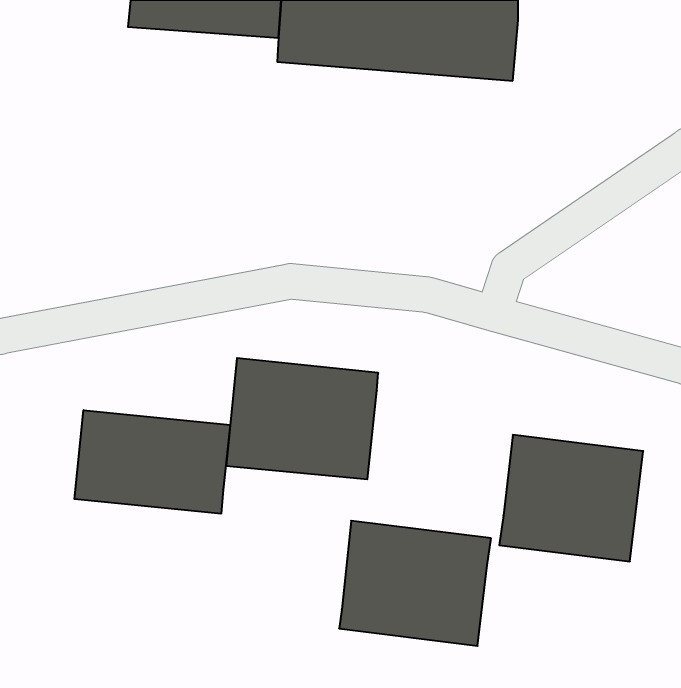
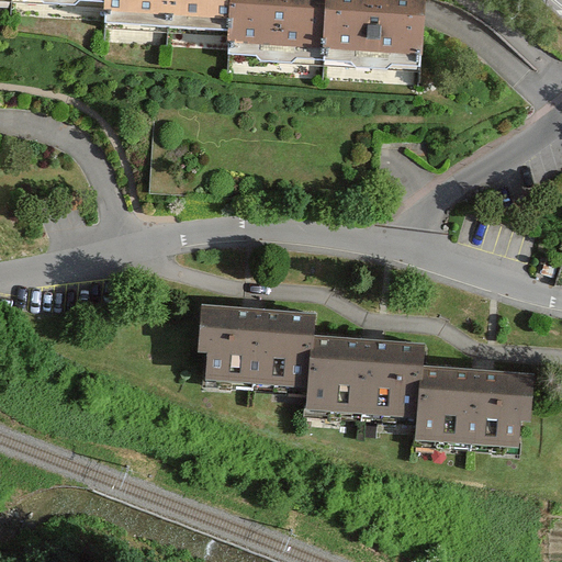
building: [74,410,230,514] -> none
building: [339,521,491,646] -> [303,318,427,420]

